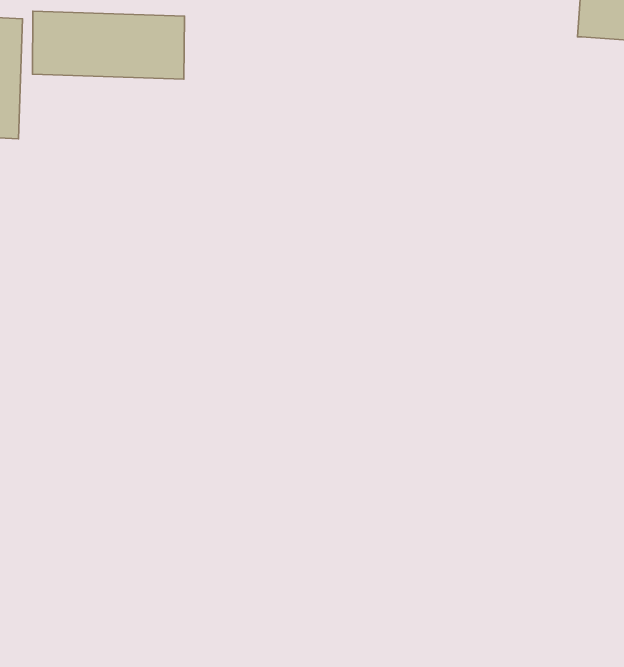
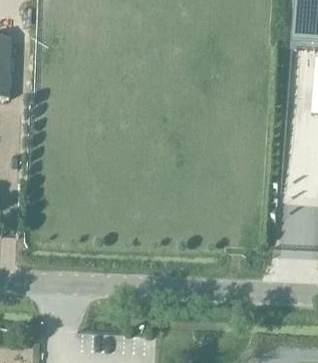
building: [32,11,184,79] -> none

